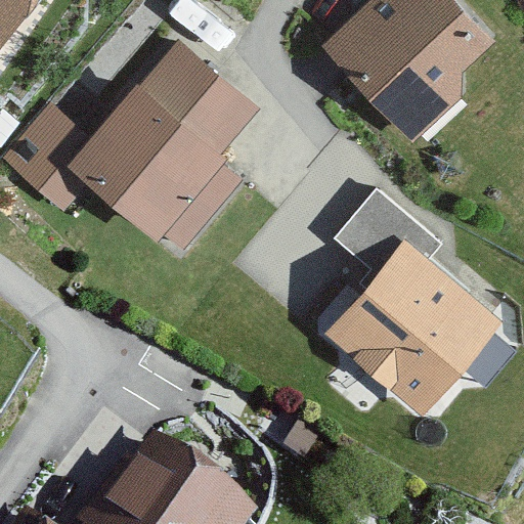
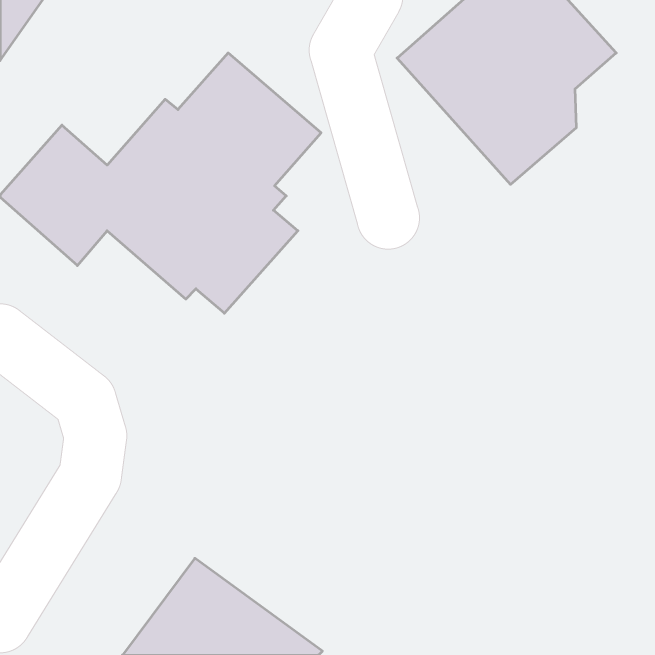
building: [325,189,501,412] -> none

